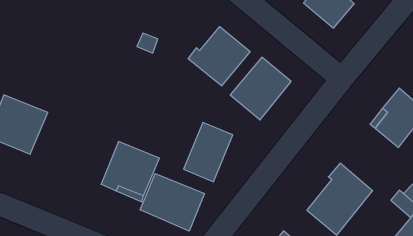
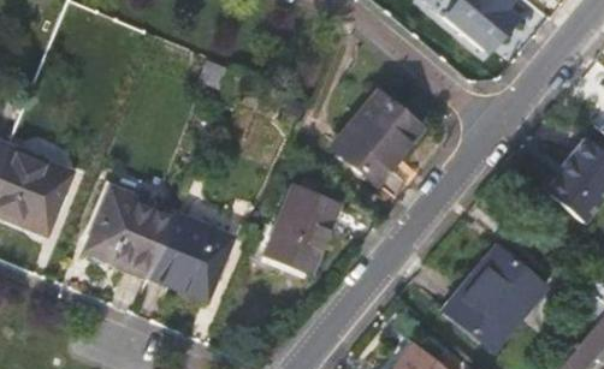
building: [188,27,250,86] -> none
building: none -> [88,189,176,276]
building: [140,174,205,231] -> none

